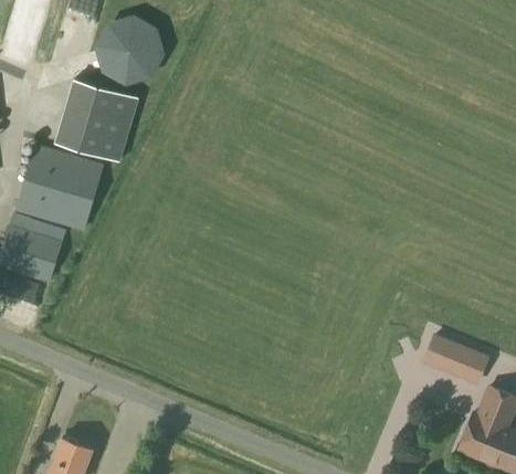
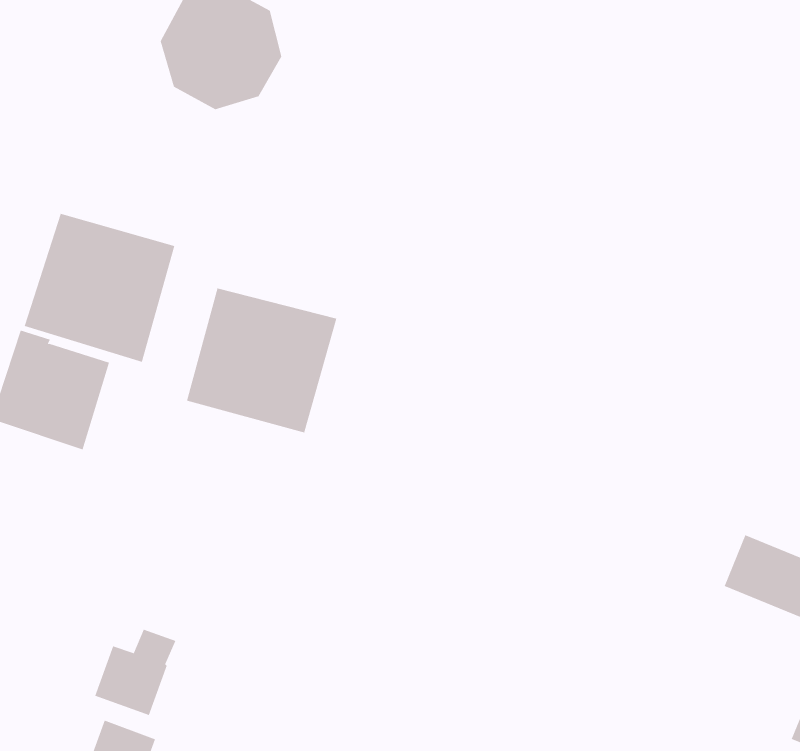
building: [60,75,147,159] -> [186,288,337,433]
building: none -> [95,629,176,716]

